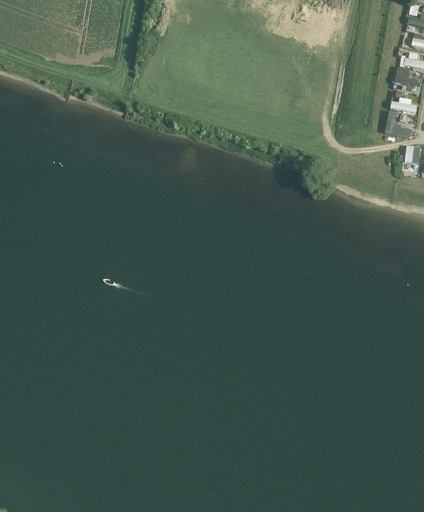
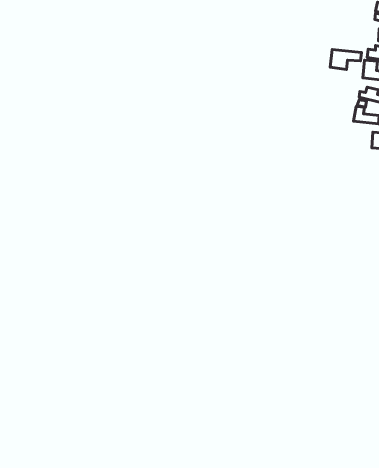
building: none -> [330,50,362,69]

